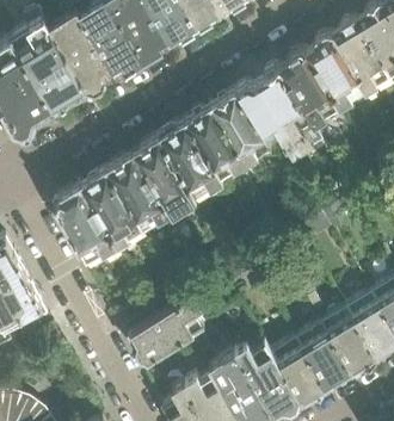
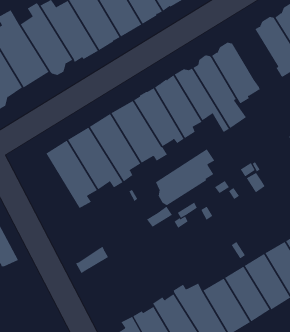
building: [306,37,363,106] -> none
building: [55,187,119,265] -> none
building: [129,295,202,364] -> [155,149,215,206]

